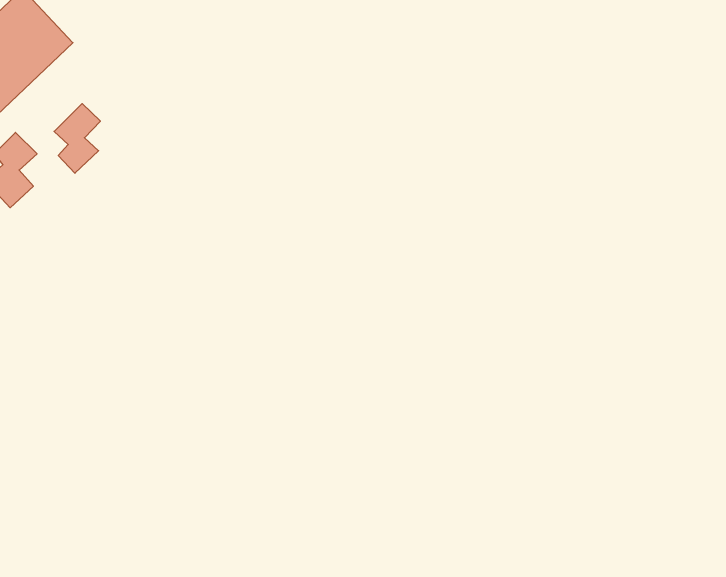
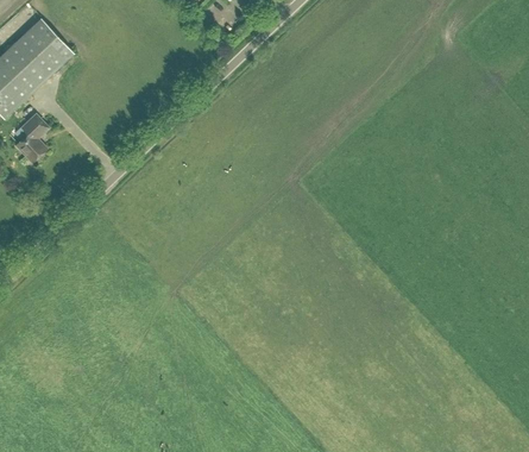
building: [54,104,100,173] -> none

